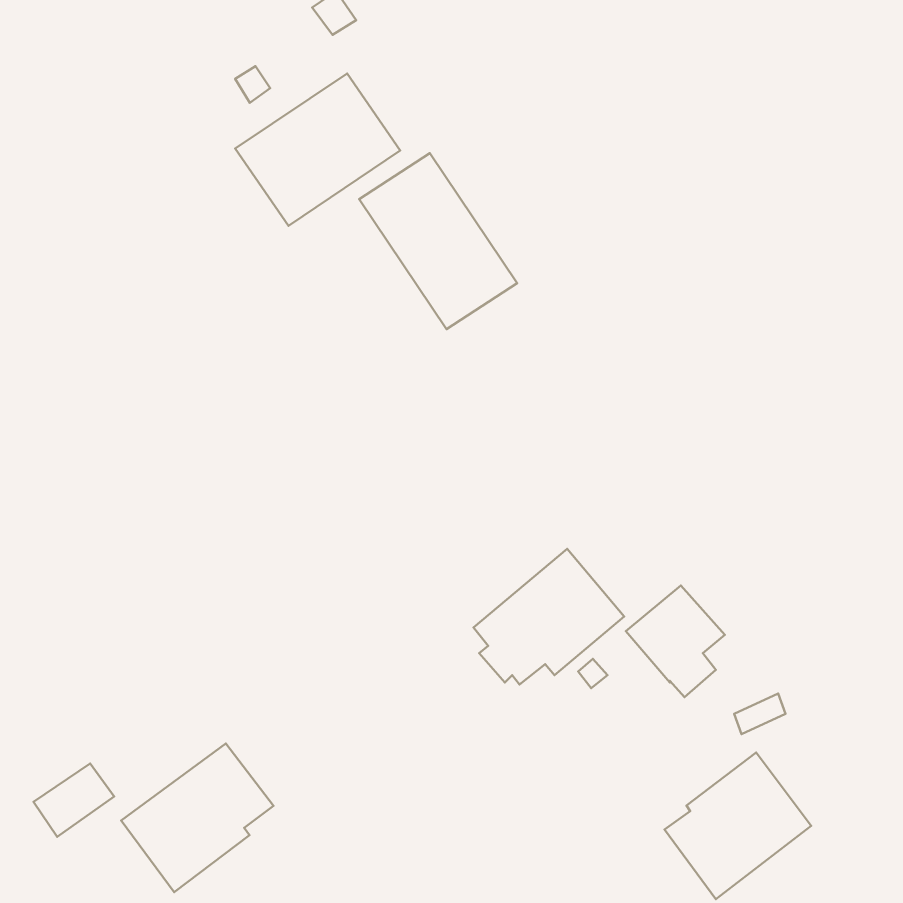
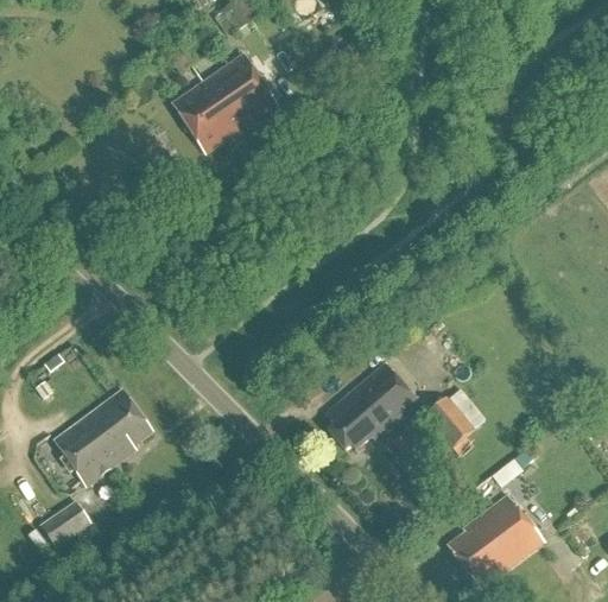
building: [359,153,517,329] -> none
building: [121,743,273,892] -> [53,389,152,486]

